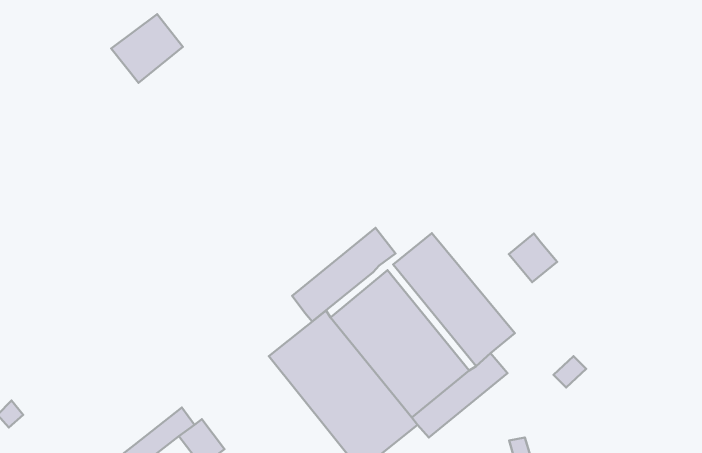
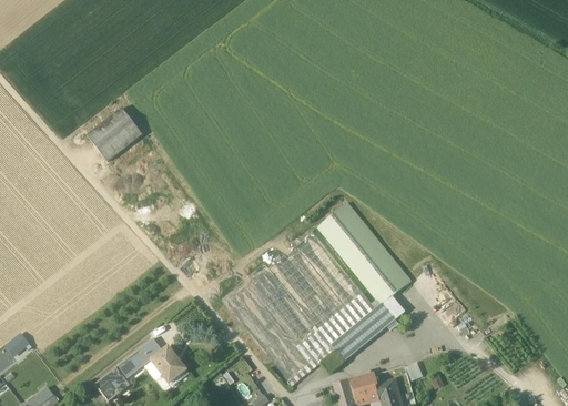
building: [111,14,183,83] -> [87,108,142,161]
building: [292,228,396,321] -> none
building: [509,234,557,282] -> none

